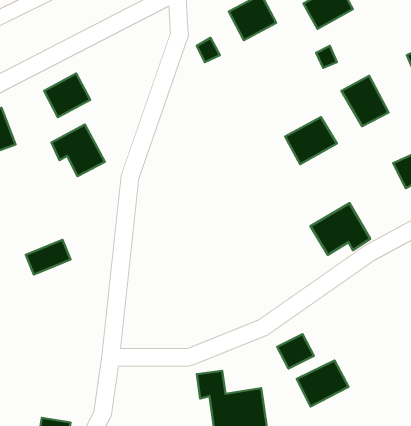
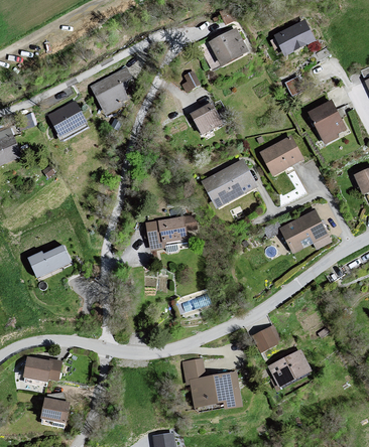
building: none -> [90,66,139,114]
building: none -> [190,103,222,134]
building: [51,124,105,176] -> none
building: none -> [200,160,255,208]
building: none -> [144,217,194,252]
building: none -> [22,354,59,384]

